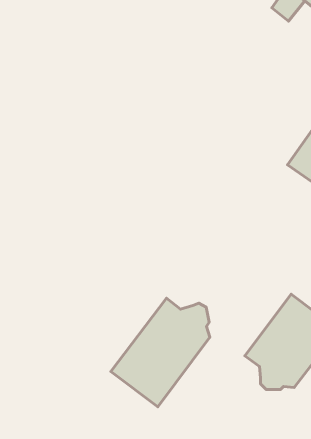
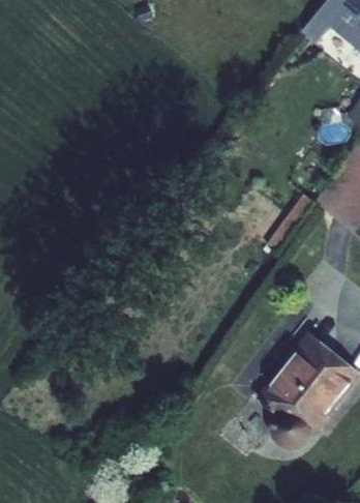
building: [111,298,210,407] -> none

